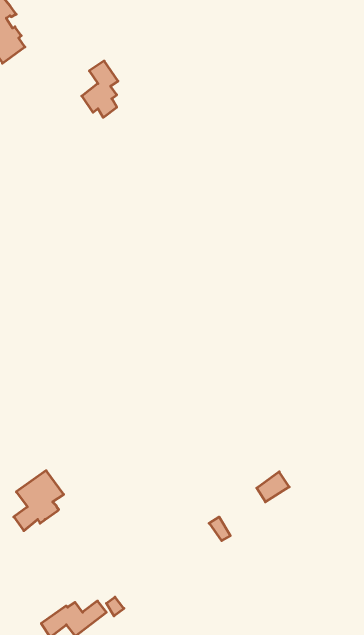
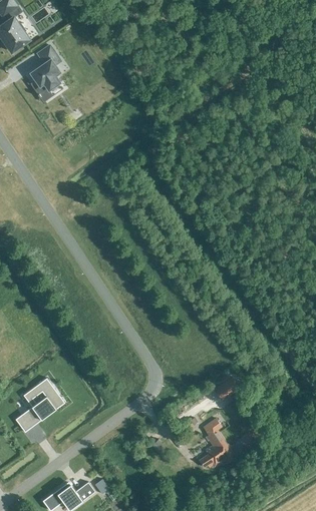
building: [82,61,118,117] -> [31,46,60,91]
building: none -> [199,420,233,469]

